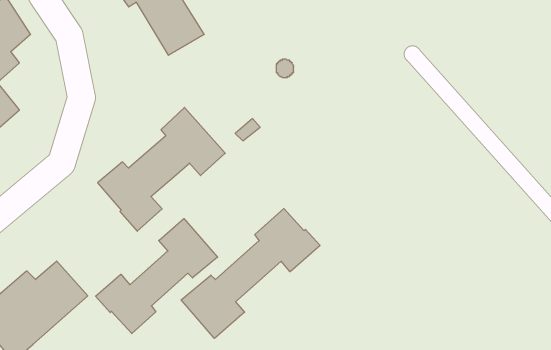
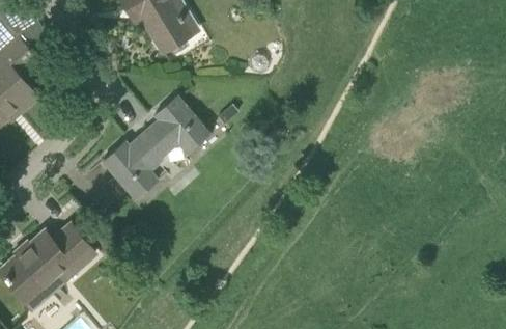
building: [181,209,320,338] -> none
building: [96,219,218,334] -> none

